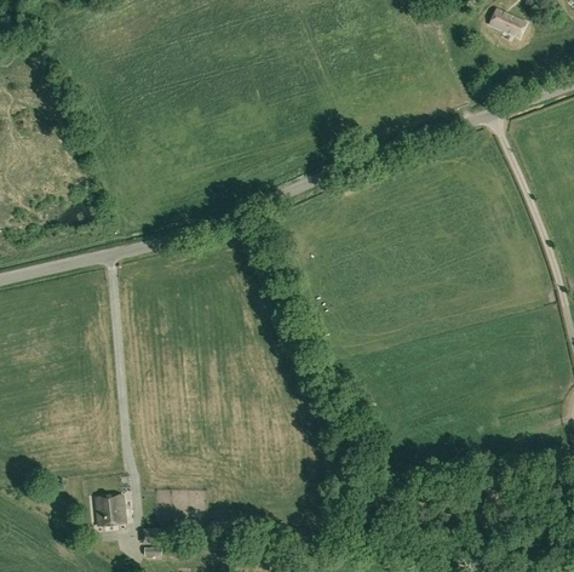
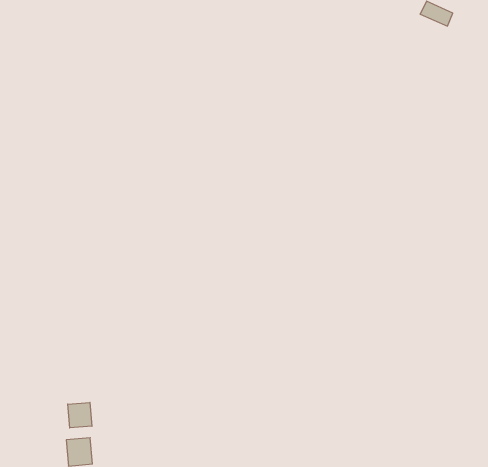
building: none -> [68,402,92,428]

